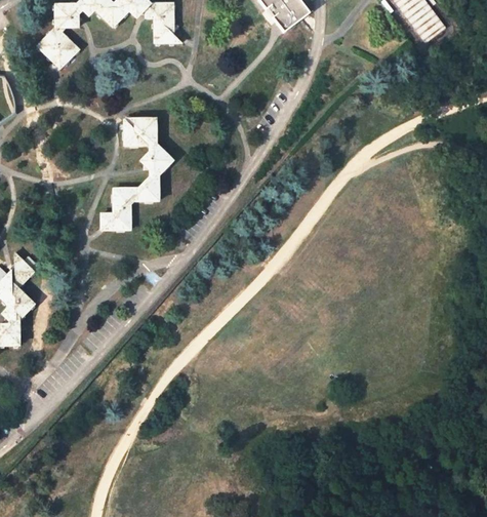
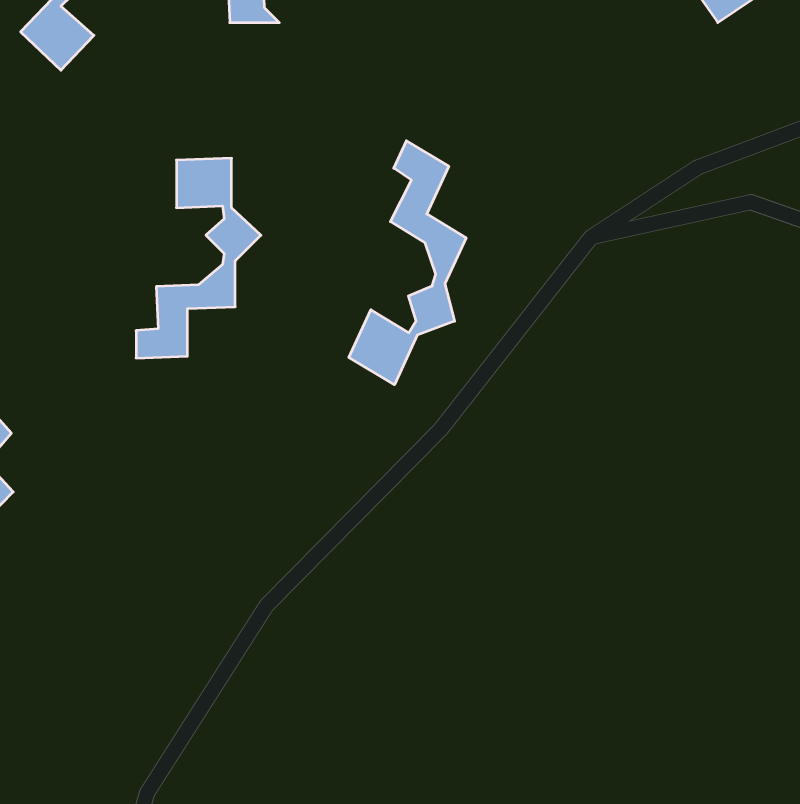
building: none -> [349,141,466,385]

